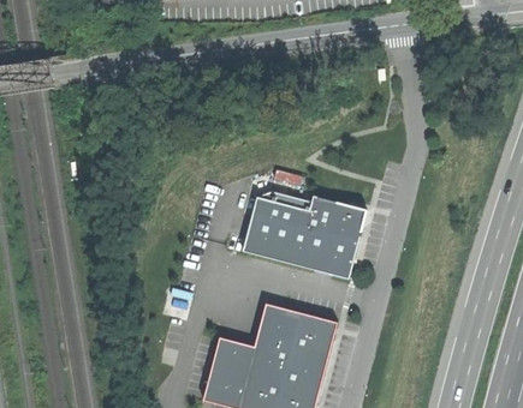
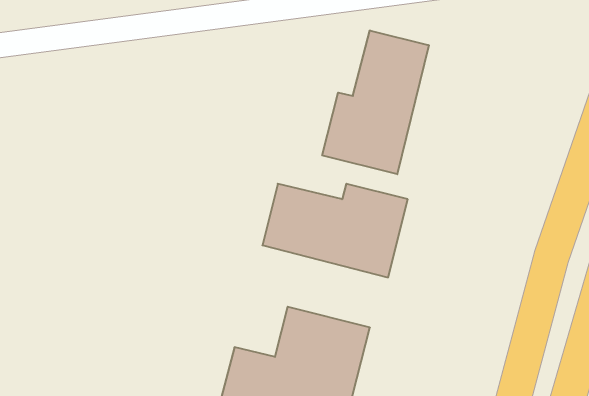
building: none -> [322,30,429,174]

